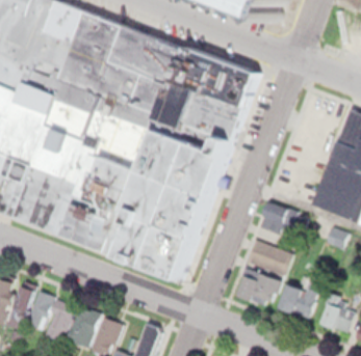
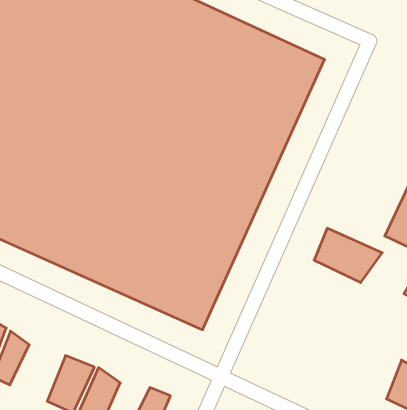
building: [246,239,292,278] -> none
building: [235,274,281,307] -> none
building: [279,281,318,318] -> none
building: [44,299,75,343] -> none

